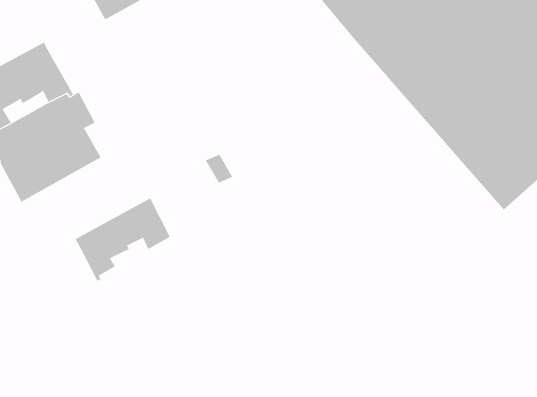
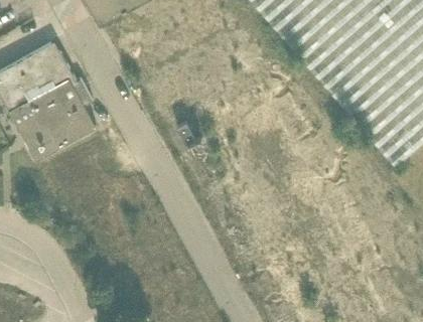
building: [75,198,171,282] -> none

